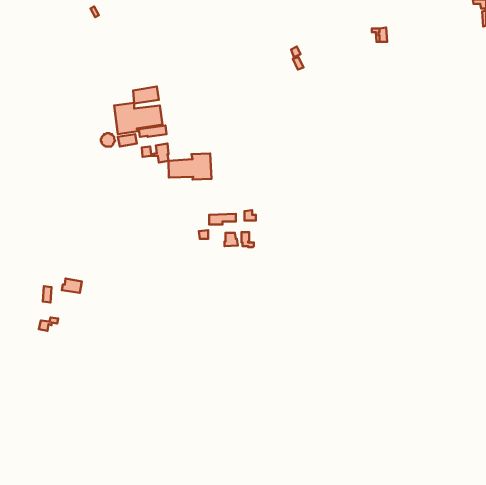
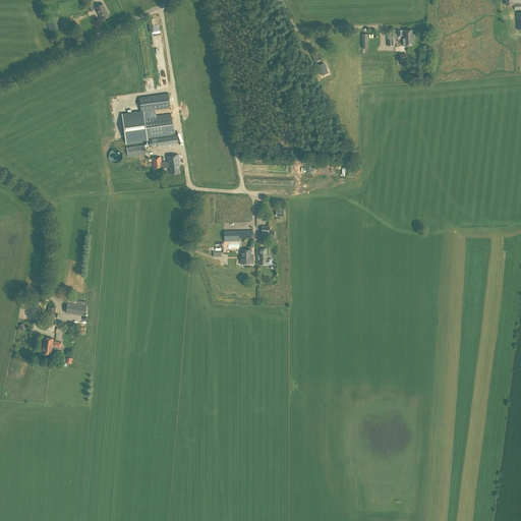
building: [168,154,211,180] -> none

